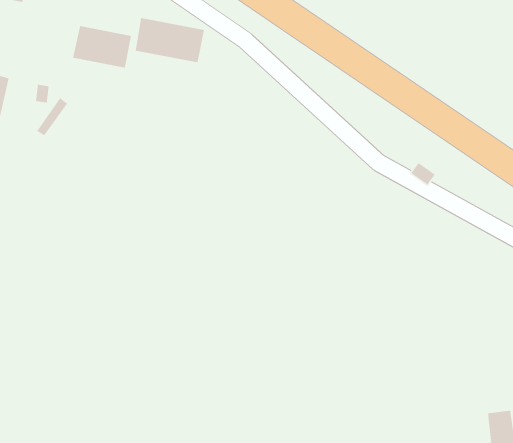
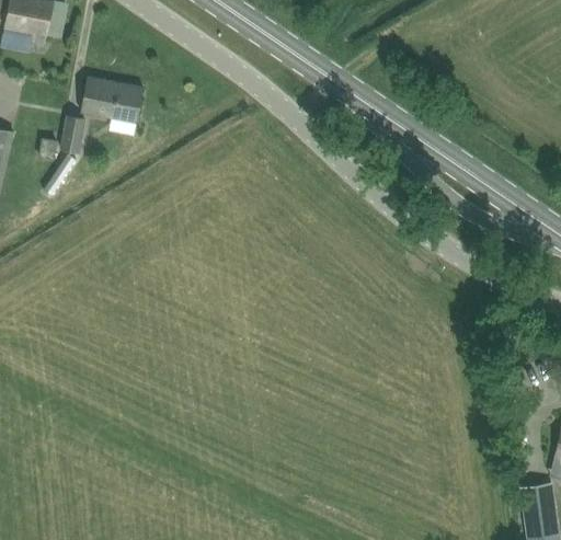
building: [135,17,205,63] -> none
building: none -> [59,114,85,153]

